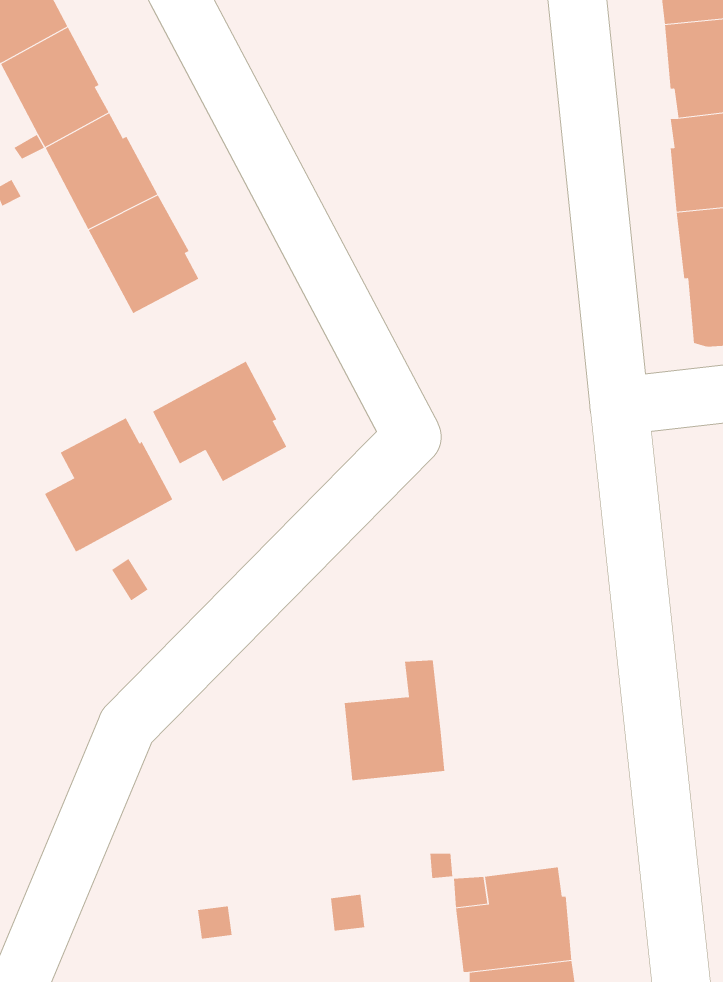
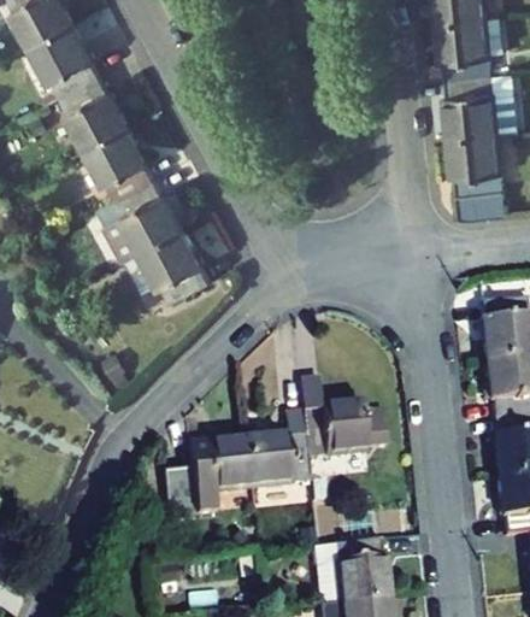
building: [44,417,173,552] -> [105,178,184,262]
building: none -> [296,381,381,458]
building: none -> [159,440,249,519]

